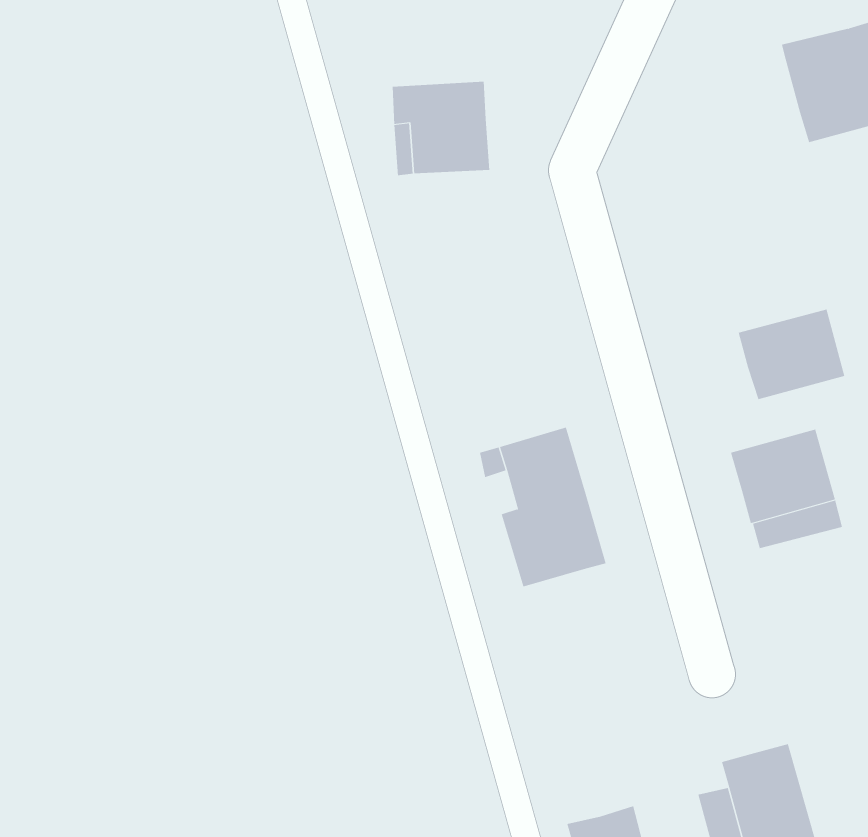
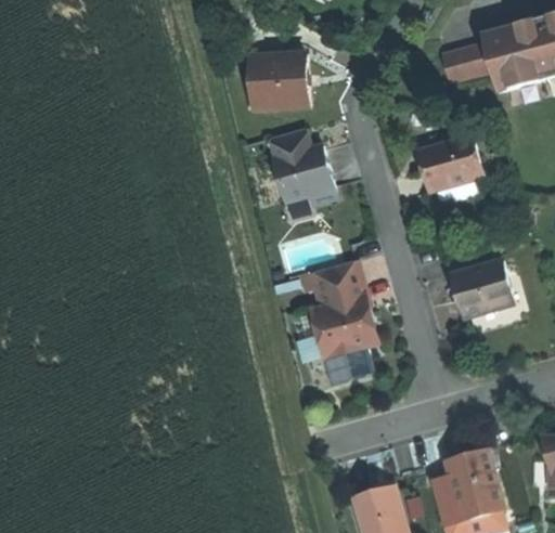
building: none -> [440,41,492,83]
building: none -> [270,129,335,203]
building: [738,309,845,400] -> [418,136,482,191]
building: none -> [327,344,373,382]

